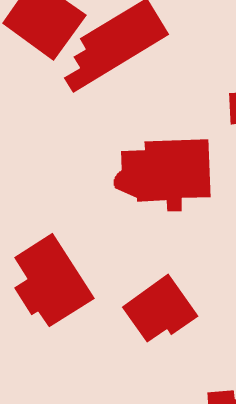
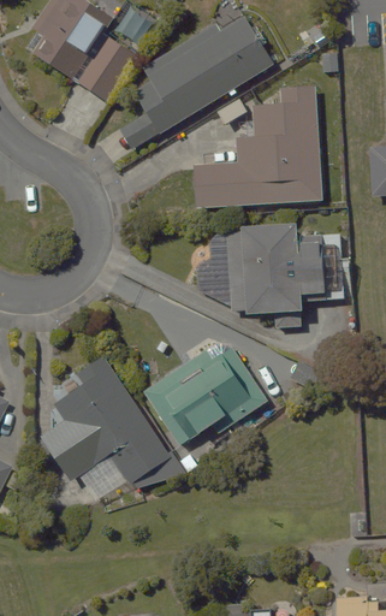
building: none -> [195,82,322,207]
building: [121,272,200,344] -> [142,339,261,446]

